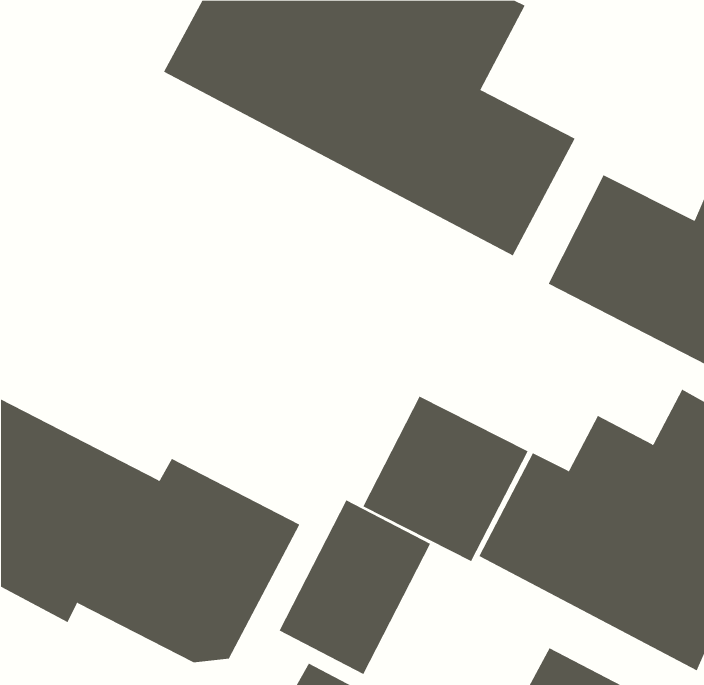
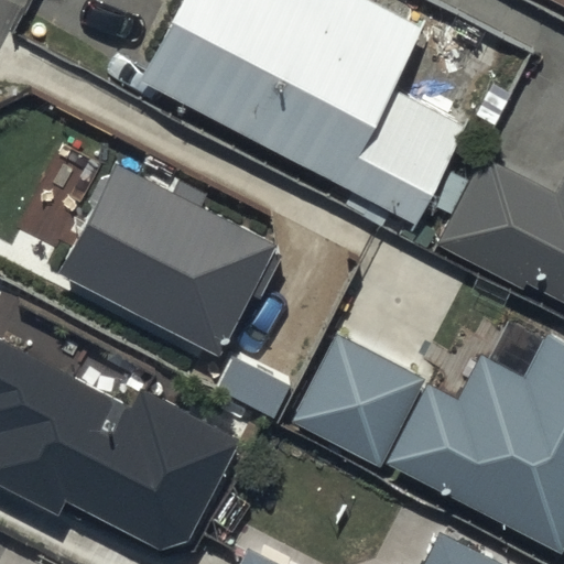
building: none -> [55,160,273,354]
building: [279,499,431,675] -> none

